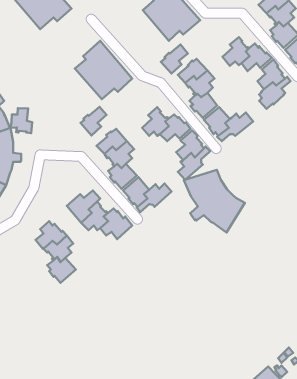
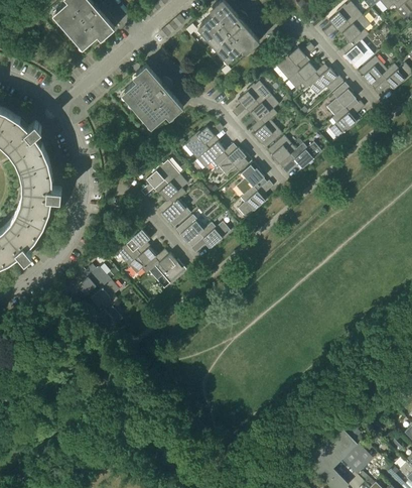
building: [161,45,188,73] -> [276,47,306,80]
building: [81,107,107,135] -> [185,127,215,159]
building: [11,108,32,133] -> none
building: [184,170,245,233] -> none

